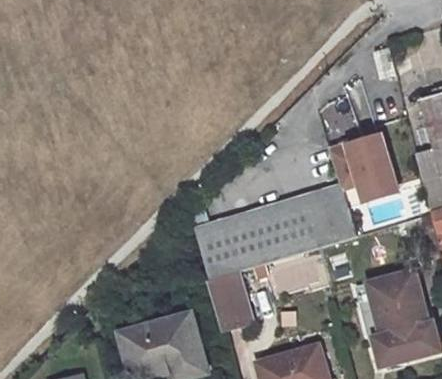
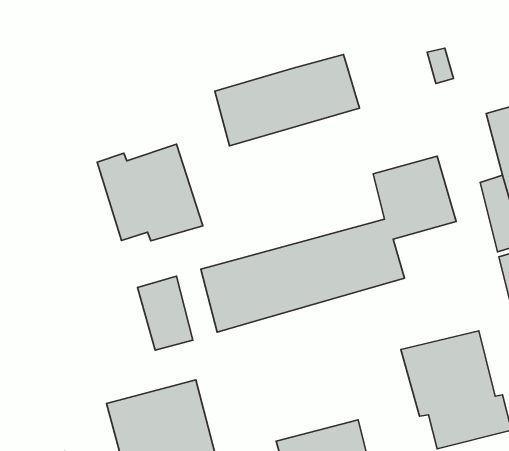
building: none -> [215,55,360,146]
building: none -> [97,144,203,241]
building: [207,265,251,324] -> [138,276,193,350]

